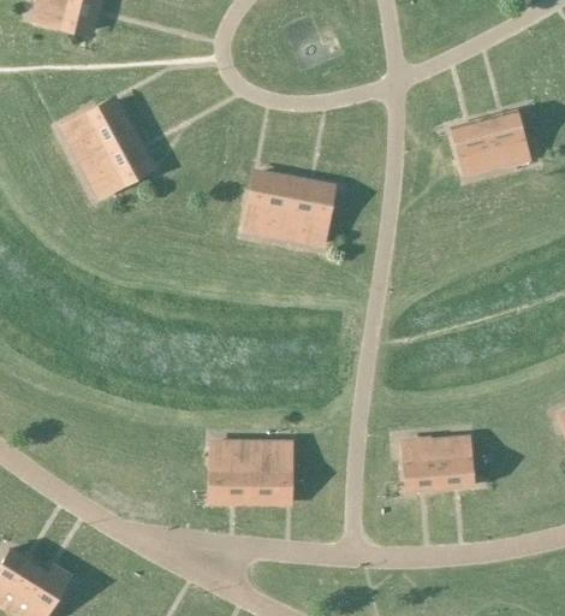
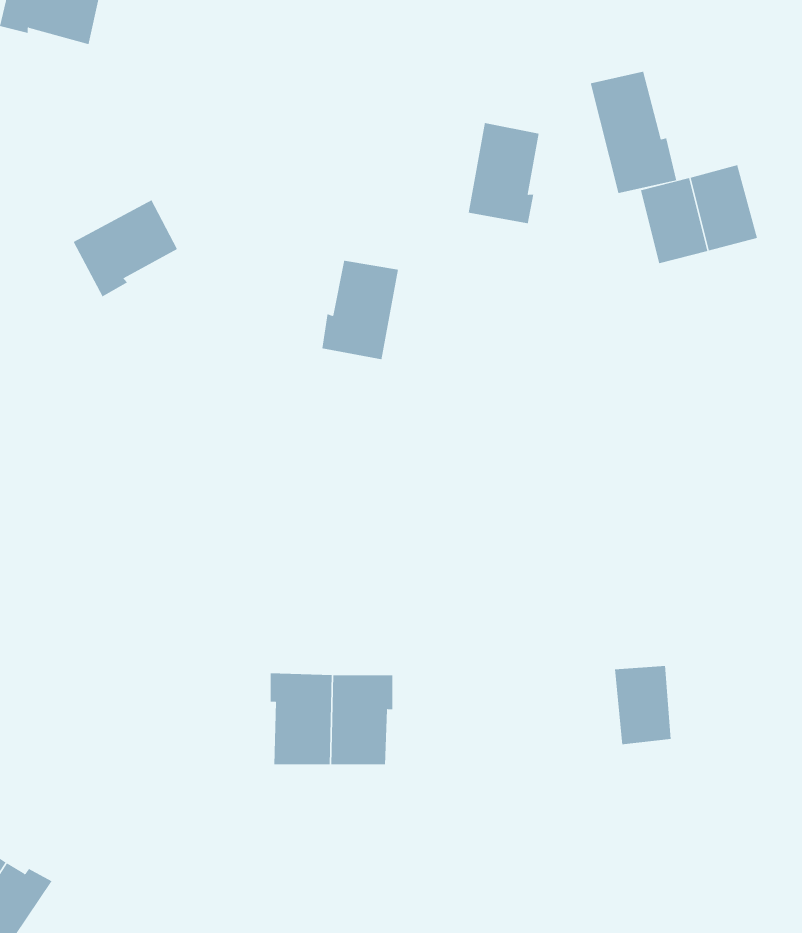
building: none -> [590,71,677,194]
building: [64,101,135,161] -> none
building: [285,179,332,245] -> [468,122,540,224]
building: [404,440,441,492] -> none

